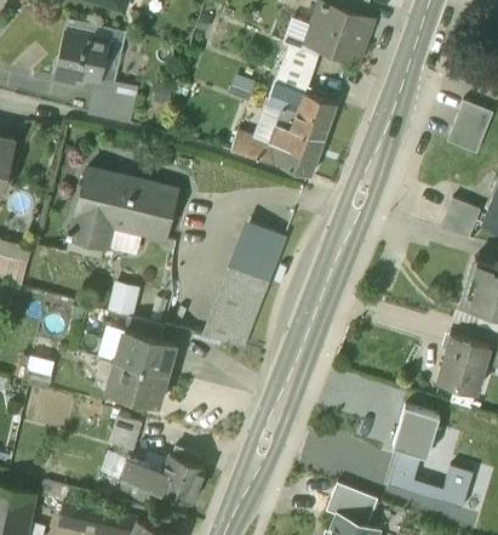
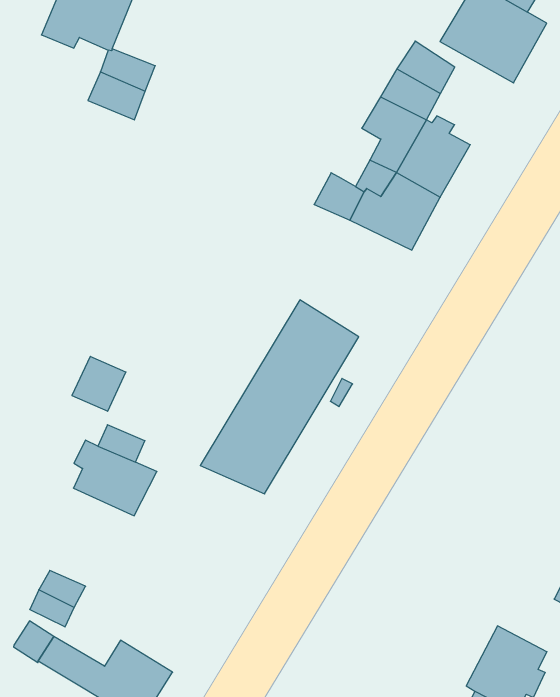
building: [69,172,177,251] -> none
building: [107,365,164,406] -> none

